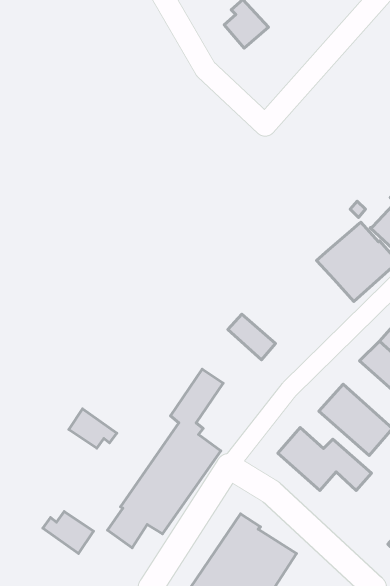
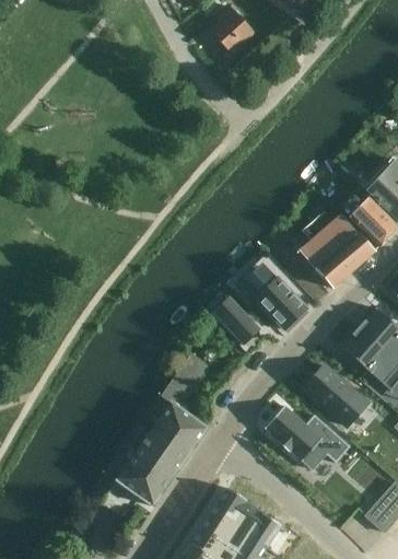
building: none -> [242,261,311,333]
building: [69,409,117,448] -> none
building: [43,511,94,553] -> none

